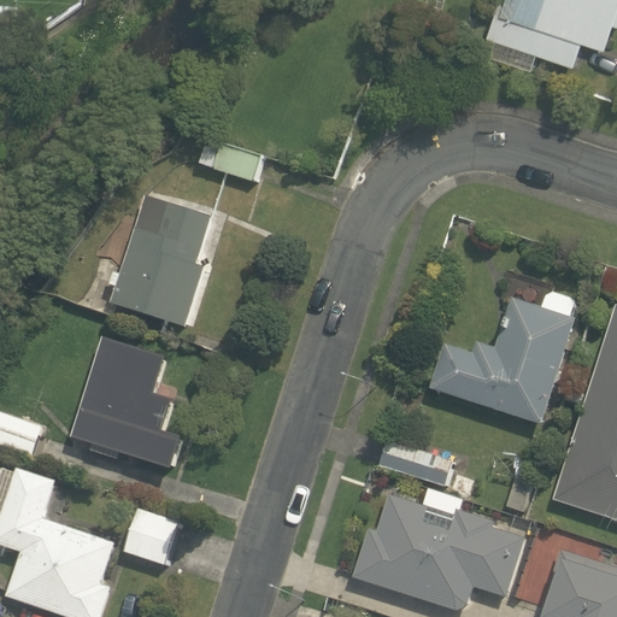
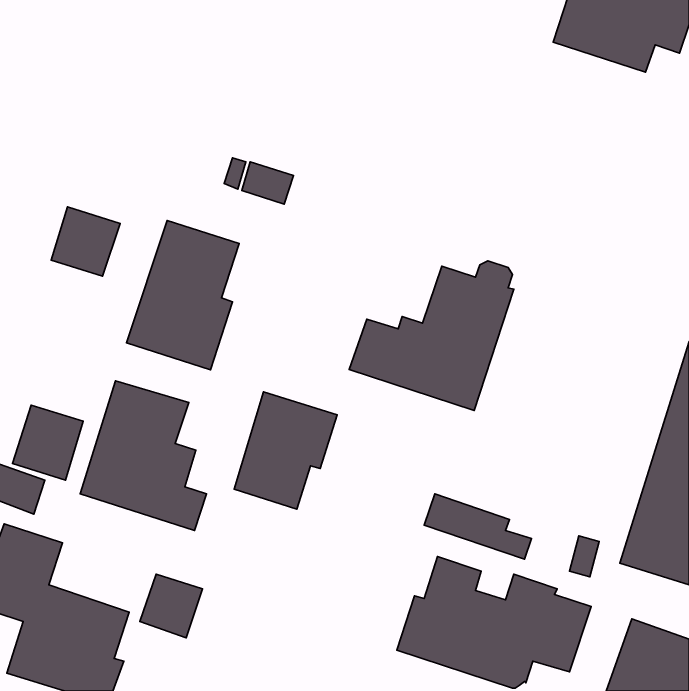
building: none -> [51,207,120,276]
building: [429,293,575,425] -> [349,261,514,410]
building: none -> [234,392,337,509]
building: none -> [12,405,83,480]

